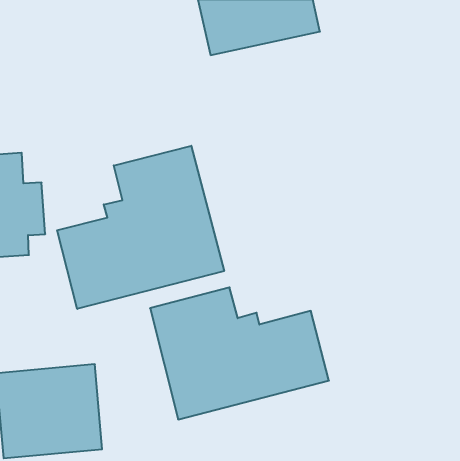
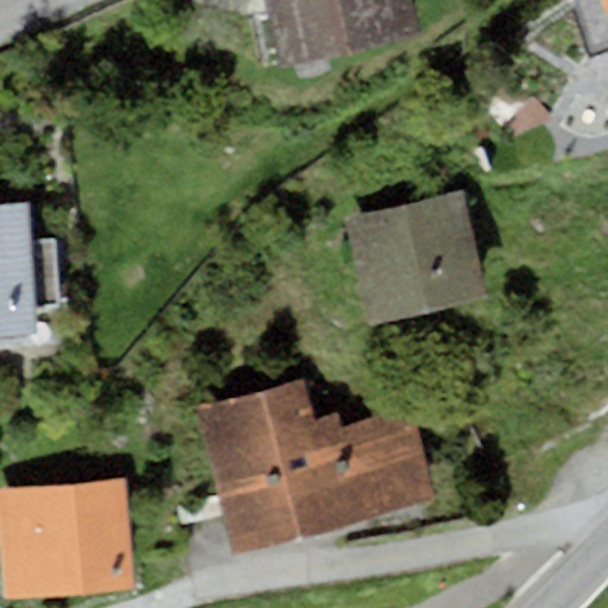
building: none -> [342,191,484,324]
building: [57,146,224,309] -> none

